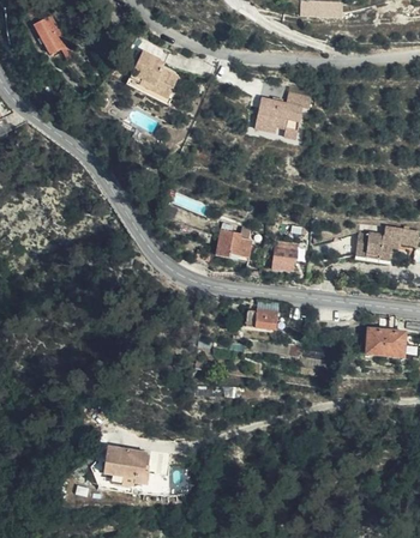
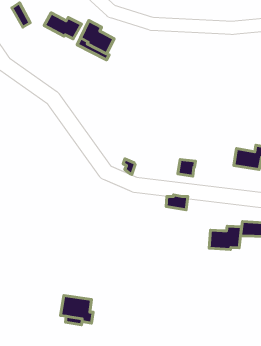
building: none -> [44,13,82,39]
building: [253,95,308,141] -> none
building: [215,226,252,258] -> none
building: none -> [209,226,241,250]

